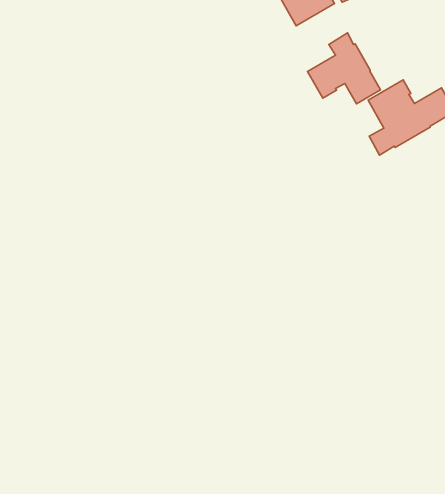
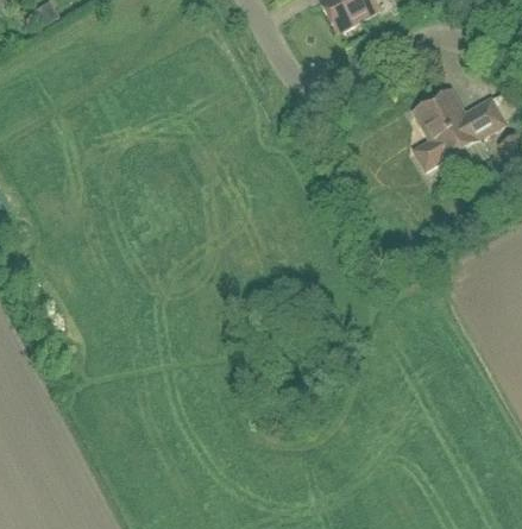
building: [308,33,380,104] -> none

